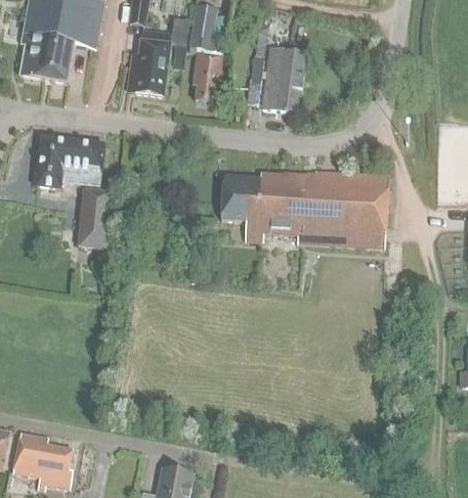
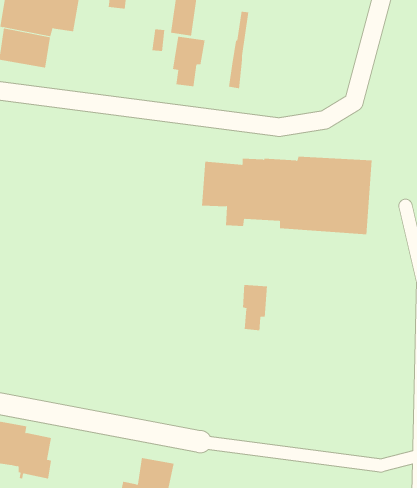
building: [129,29,172,95] -> none
building: [261,46,305,111] -> none
building: [36,136,113,247] -> none
building: none -> [242,284,267,331]

